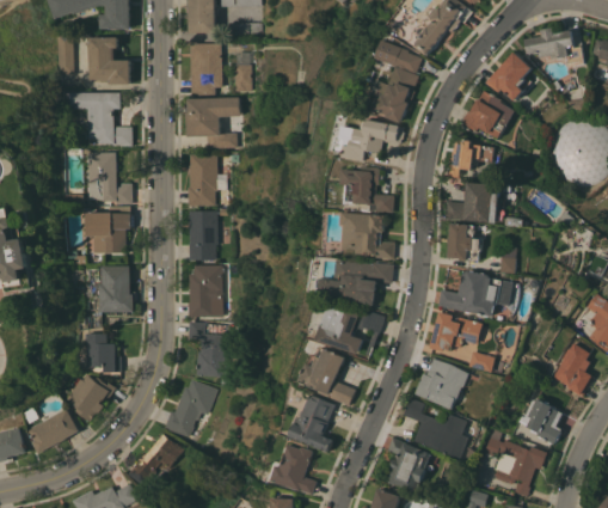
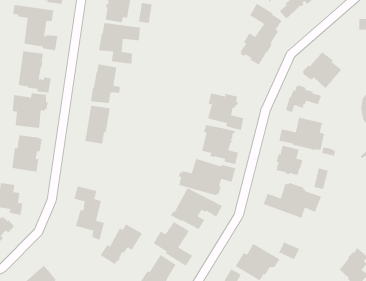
building: [484,53,530,100] -> none
building: [343,121,405,161] -> none
building: [185,265,221,317] -> none
building: [430,312,483,351] -> none
building: [161,380,214,437] -> [100,223,143,265]

